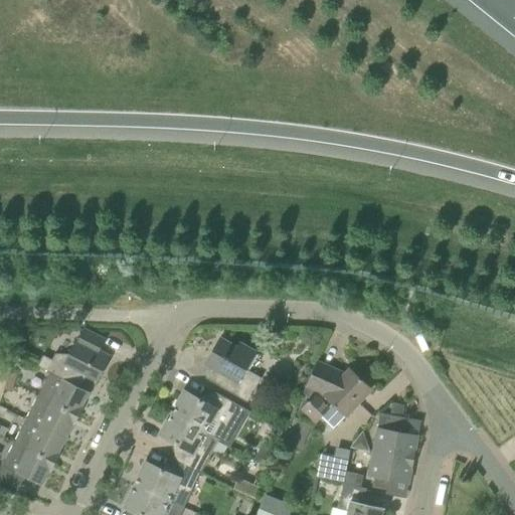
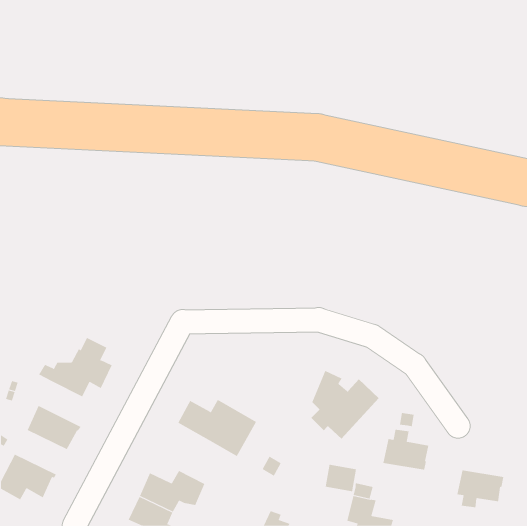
building: [206,338,262,401] -> none
building: [37,372,90,416] -> none
building: [160,412,211,472] -> none
building: [14,419,65,463] -> none
building: [368,452,414,489] -> [457,470,504,508]

